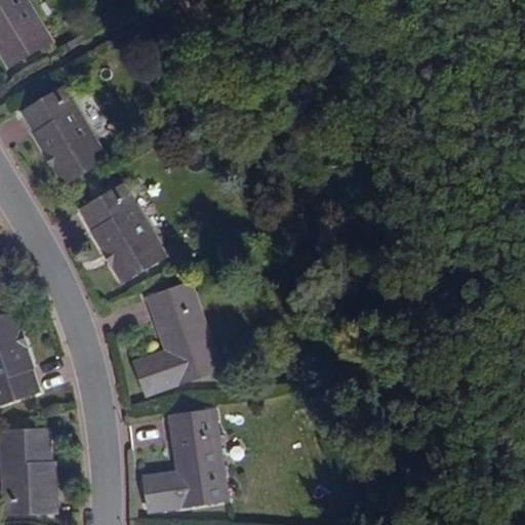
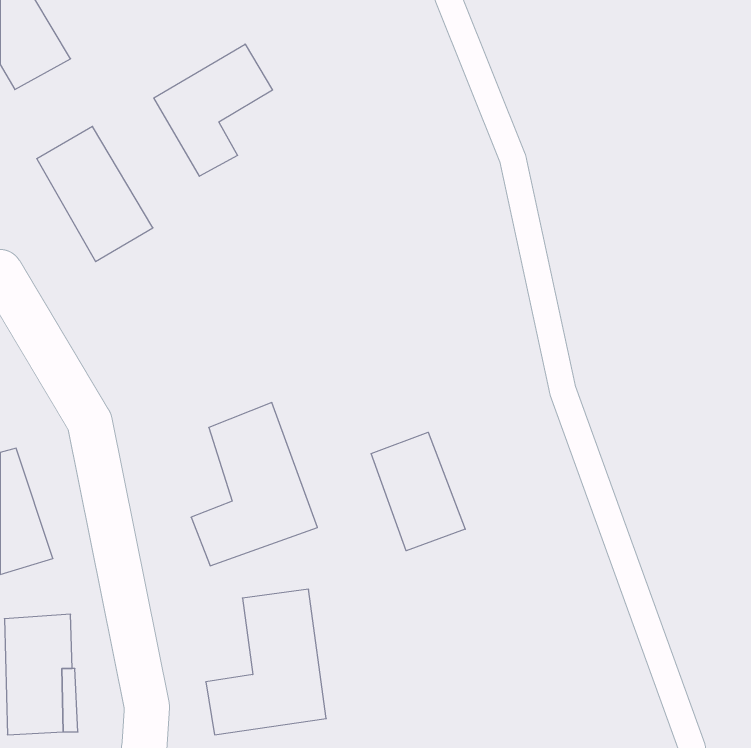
building: none -> [154,44,273,176]
building: [83,186,163,279] -> none
building: none -> [371,432,465,551]

